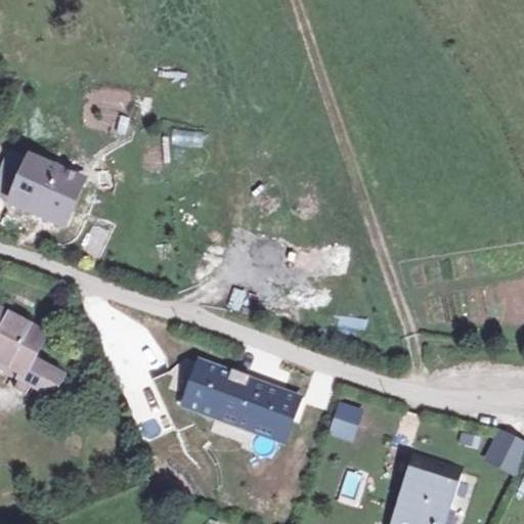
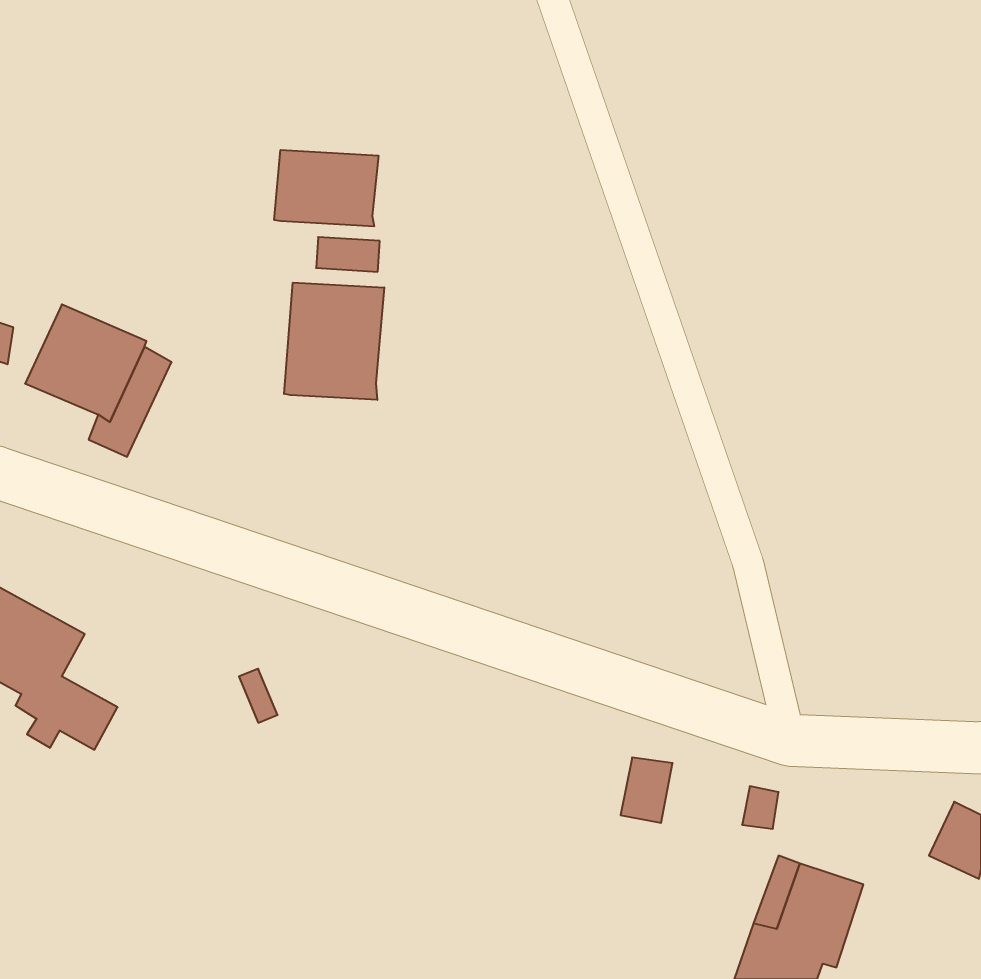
building: none -> [274,150,378,226]
building: none -> [284,283,384,400]
building: [169,352,300,441] -> none

